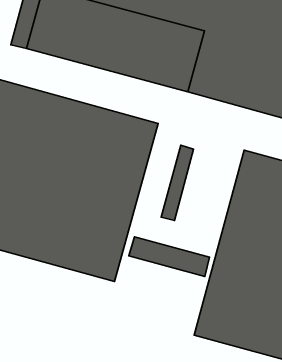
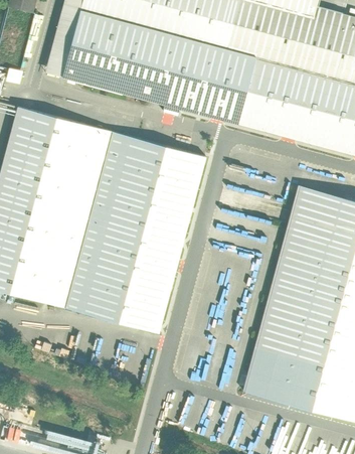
building: [161,145,194,220] -> none
building: [129,237,210,277] -> none

